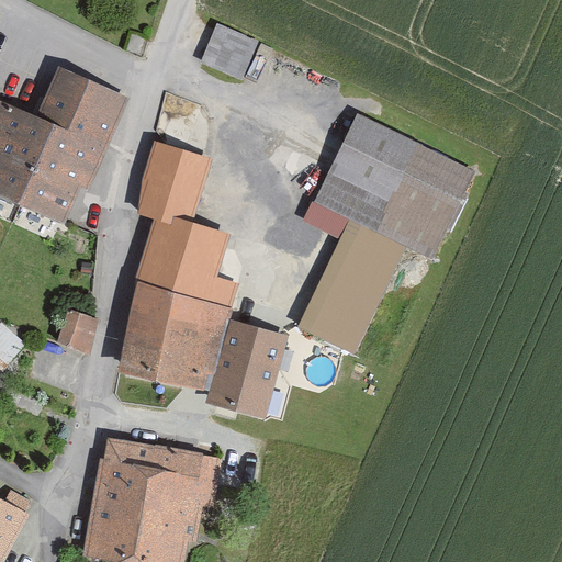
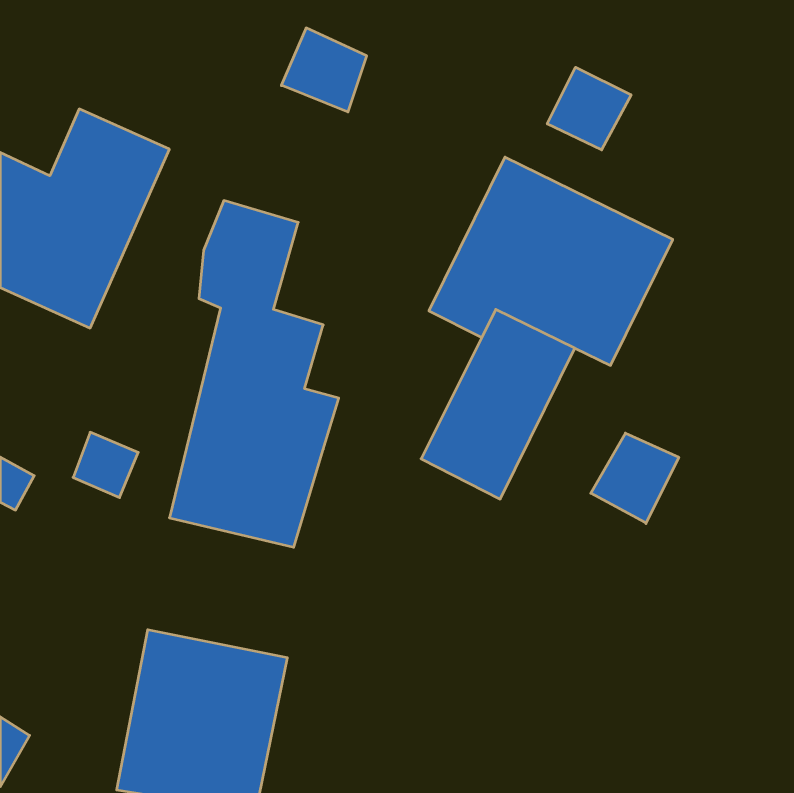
building: none -> [547,67,631,150]
building: none -> [591,433,679,524]
building: [205,318,289,416] -> none

